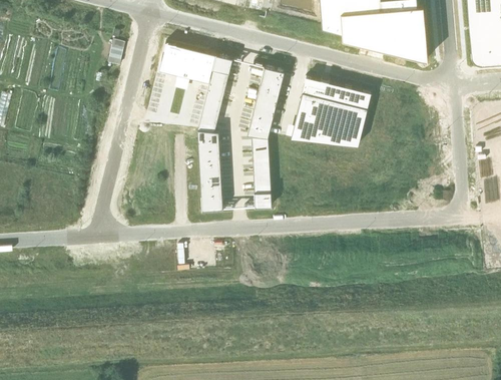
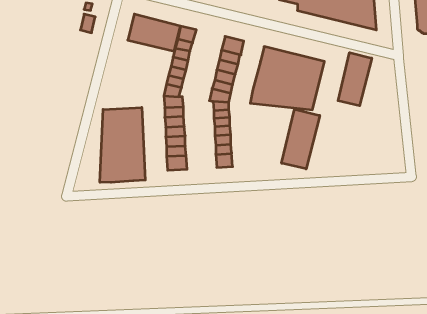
building: none -> [338,53,372,106]
building: none -> [100,107,145,182]
building: none -> [282,109,320,169]

